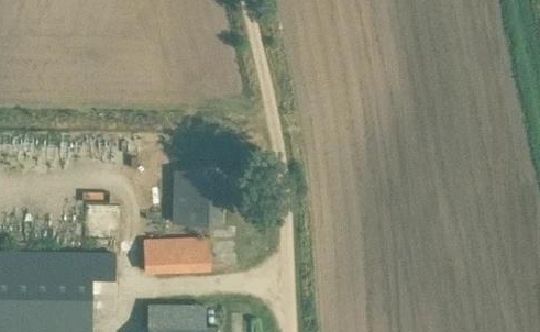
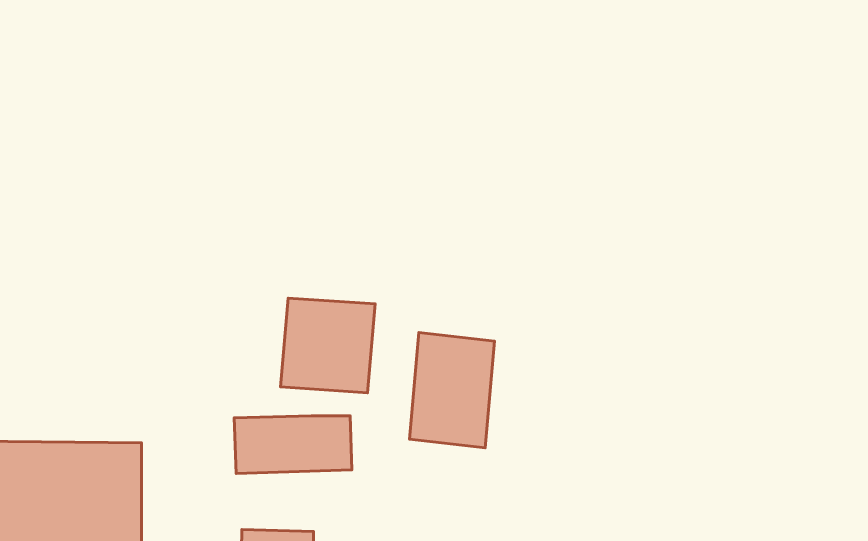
building: none -> [409,333,495,448]

